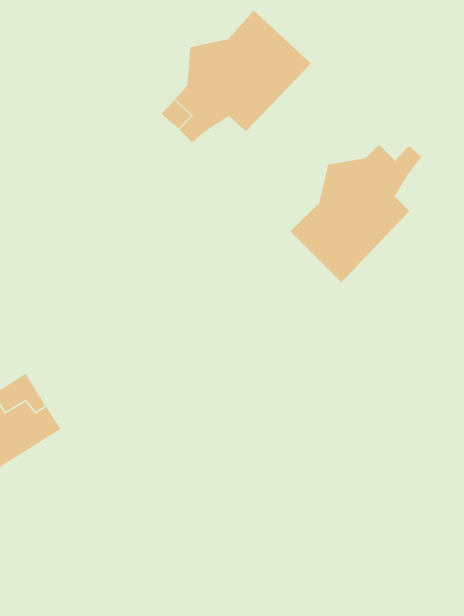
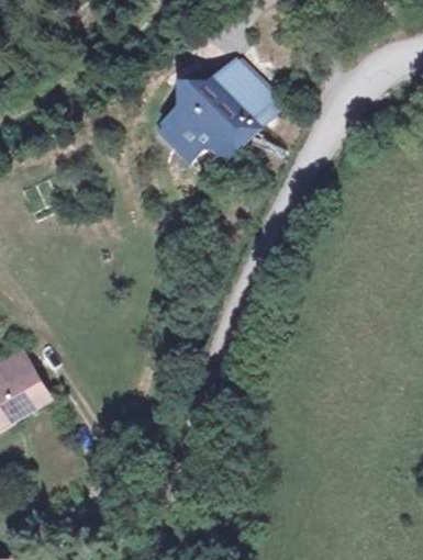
building: [290,144,422,283] -> none

